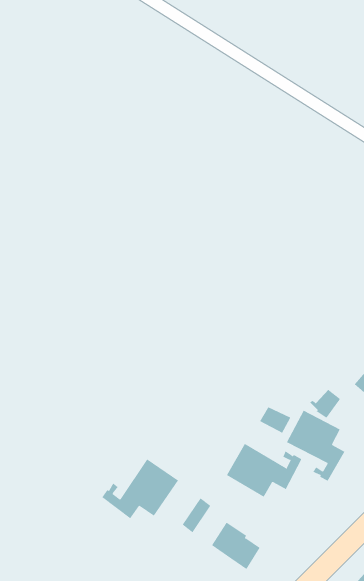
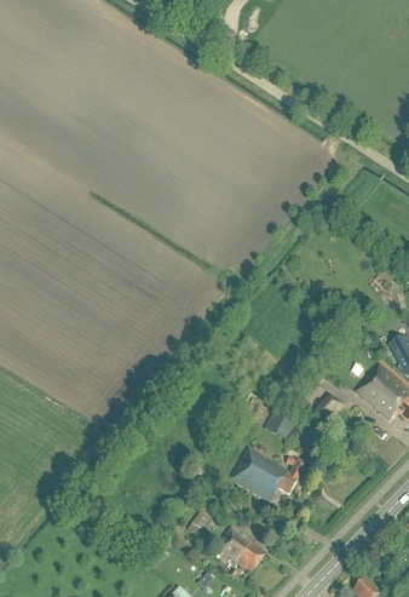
building: [286,410,345,482] -> none
building: [101,458,179,519] -> none

